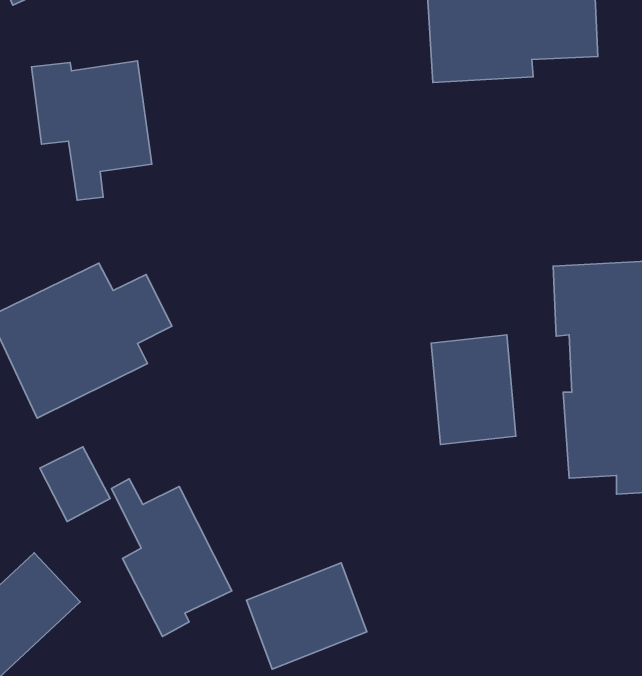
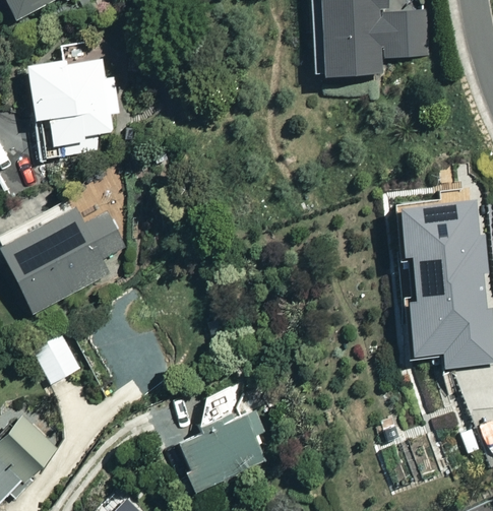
building: [431,335,516,444] -> none
building: [111,479,232,637] -> none

